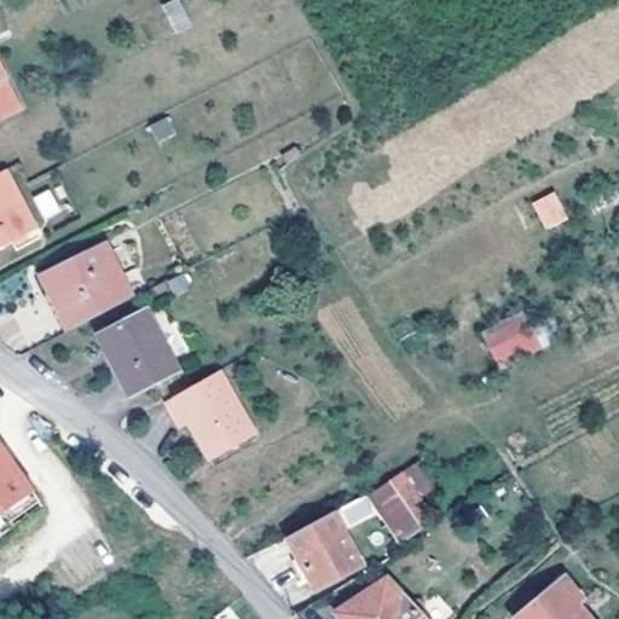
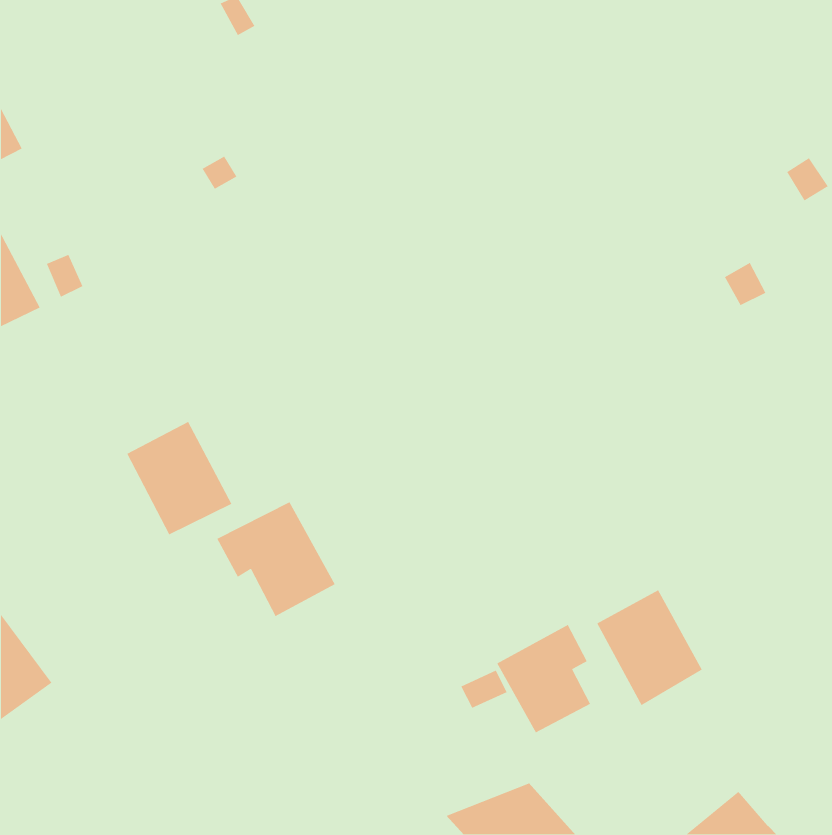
building: [35,241,129,331] -> none
building: [484,308,544,365] -> none
building: none -> [596,589,703,706]
building: [287,513,358,590] -> none

